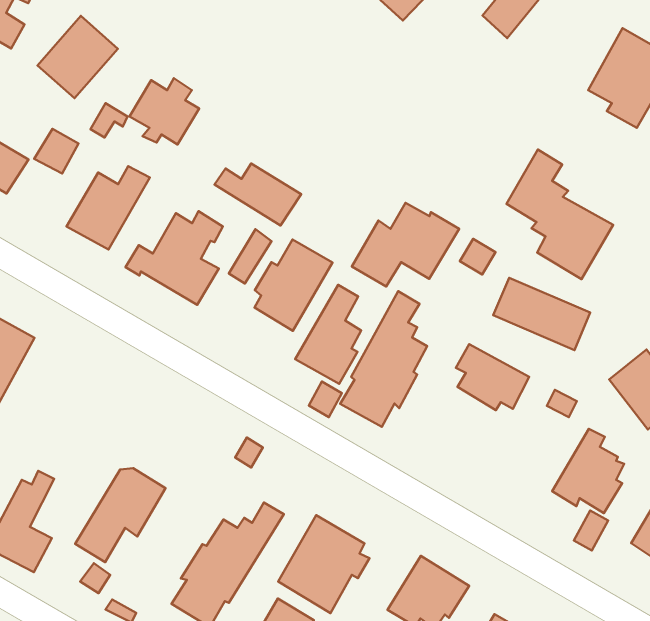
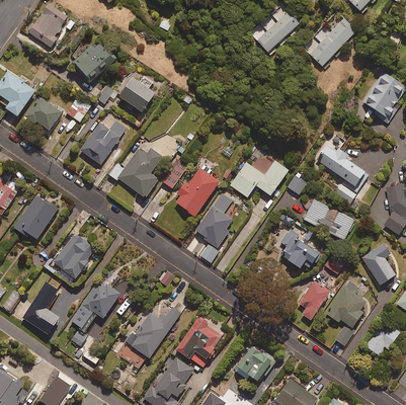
building: [214,163,301,226] -> none
building: [340,291,427,427] -> none
building: none -> [52,232,96,277]
building: none -> [298,280,329,320]

